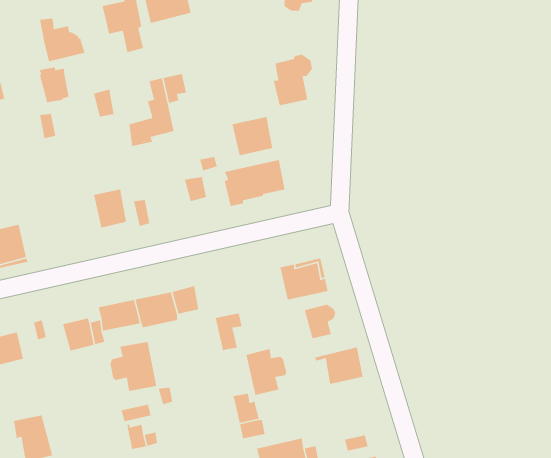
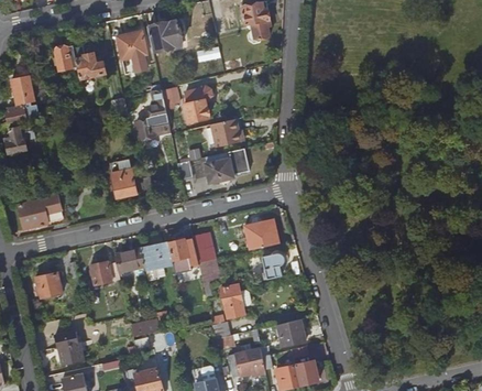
building: [273,54,313,106] -> [183,85,211,122]
building: [39,66,70,103] -> [54,44,76,70]
building: none -> [191,233,215,262]
building: [110,341,157,392] -> none
building: [314,347,364,385] -> [270,318,305,346]

